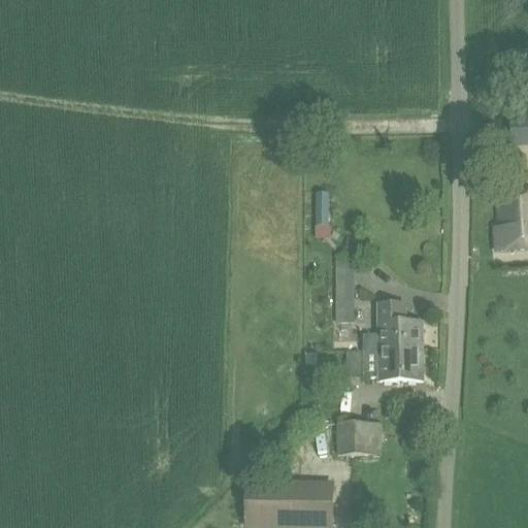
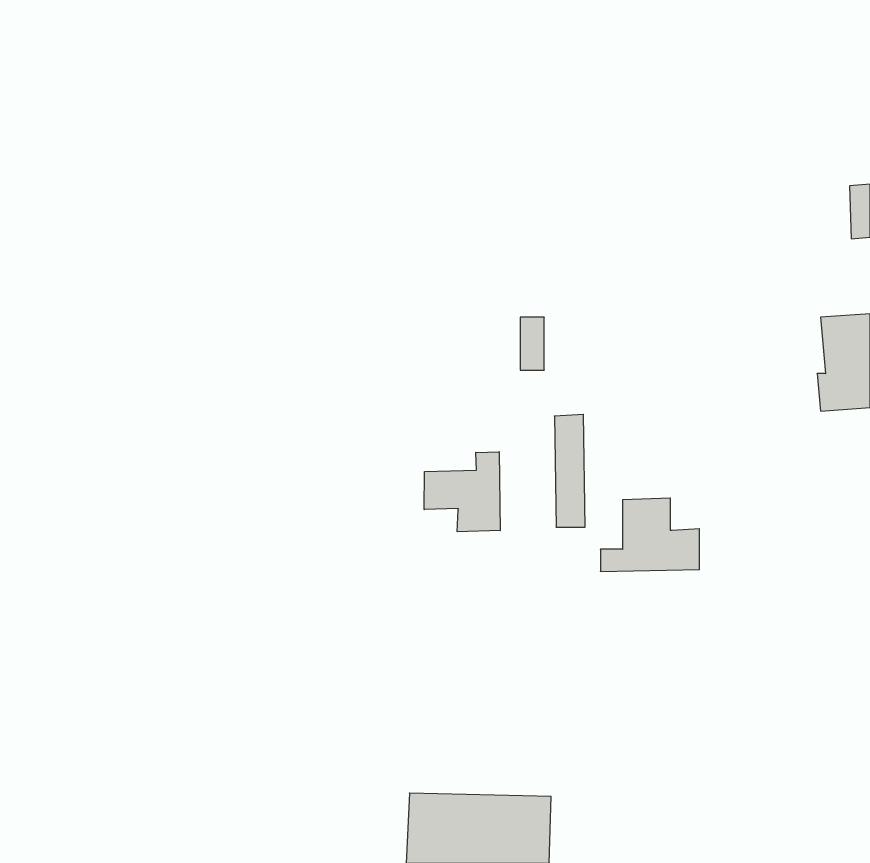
building: none -> [424,452,500,532]
building: [363,344,423,377] -> none
building: [337,420,375,454] -> none

